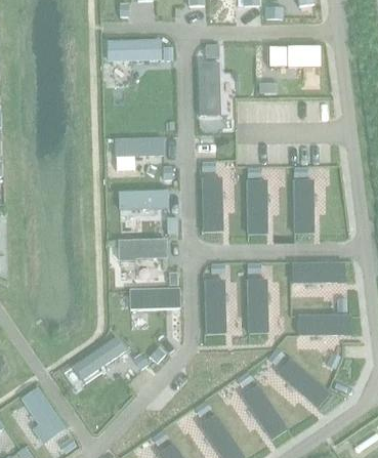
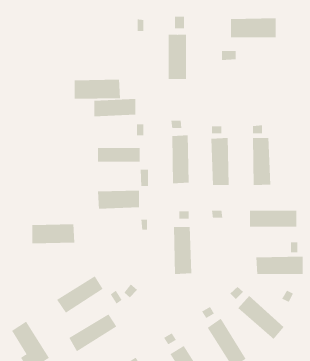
building: [109,38,162,60] -> [74,79,121,99]
building: [248,280,268,334] -> none
building: [131,288,180,310] -> [32,224,75,244]
building: none -> [68,313,117,352]

